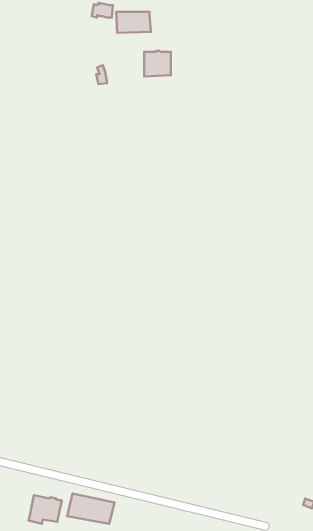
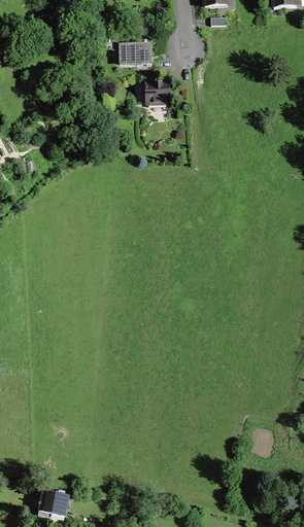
building: [67,494,114,524] -> none

